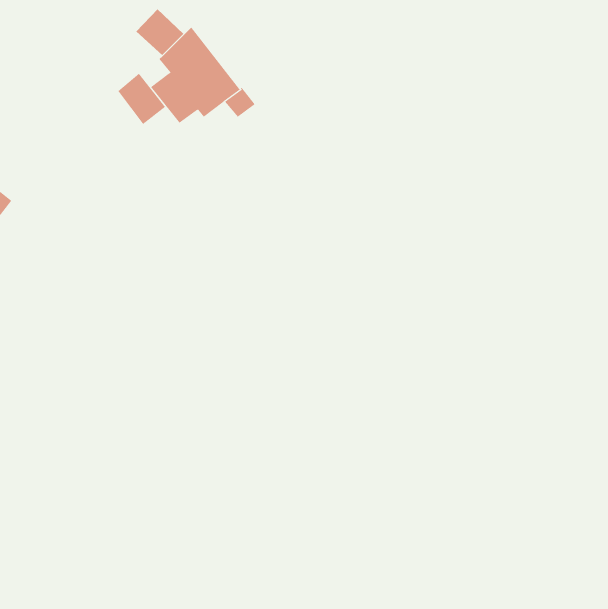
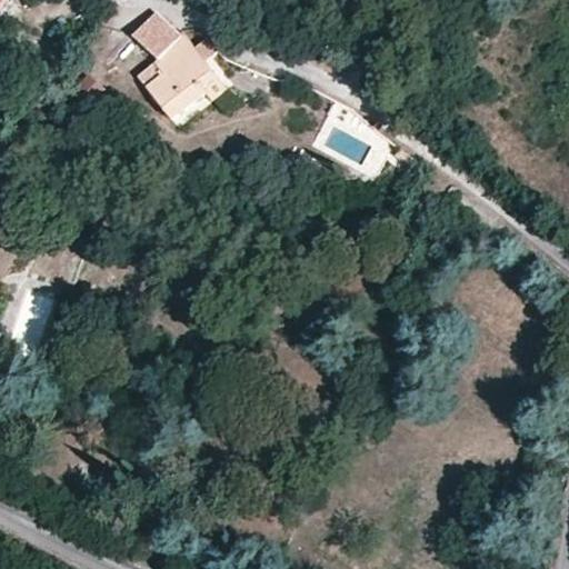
building: [117,73,166,125] -> none

